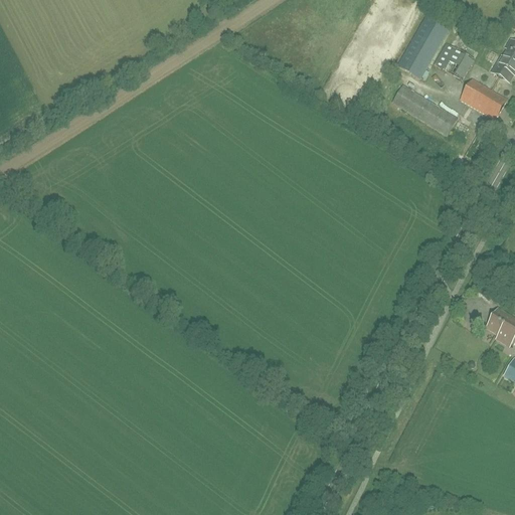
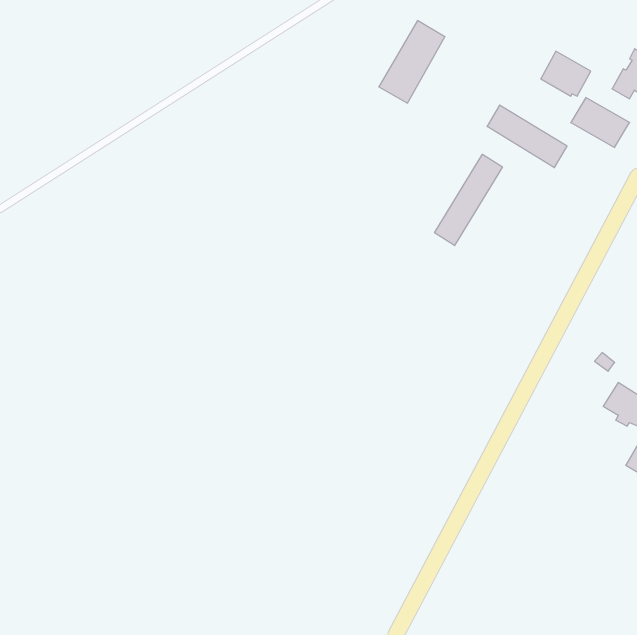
building: [398,11,452,77] -> [379,21,445,103]
building: none -> [435,154,502,246]

